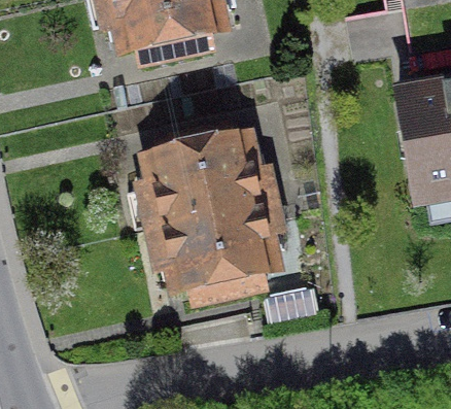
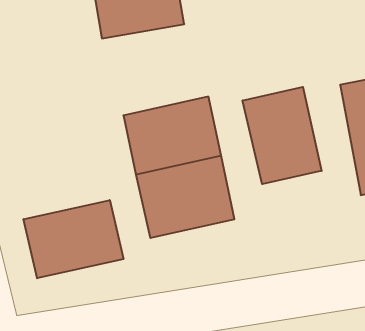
building: none -> [243,87,322,184]
building: none -> [24,200,123,278]

